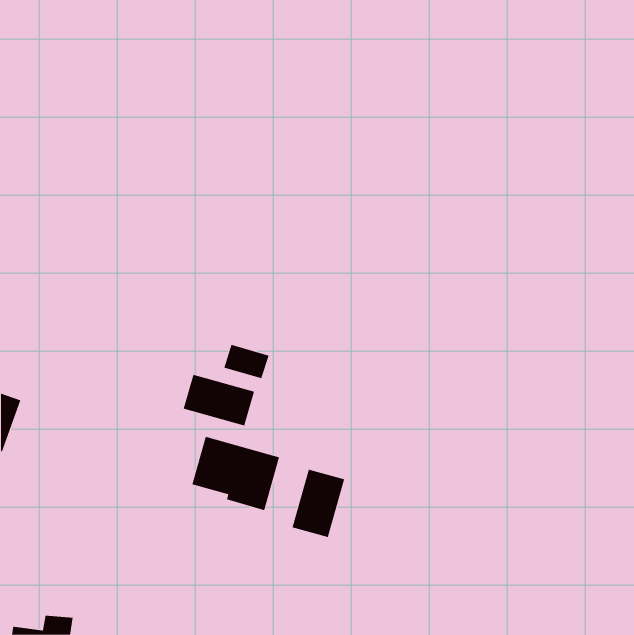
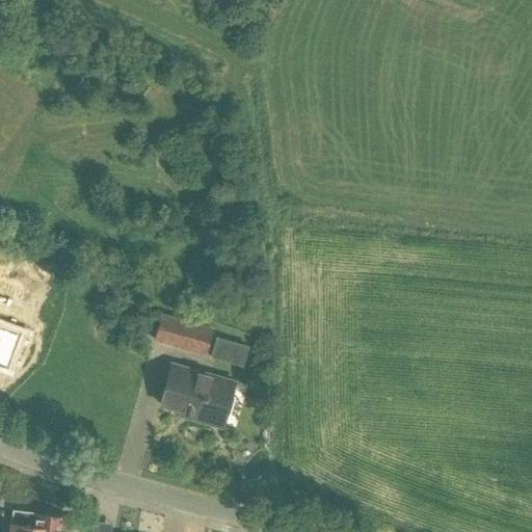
building: [223,344,269,379] -> [211,337,249,366]
building: [292,469,345,538] -> none

